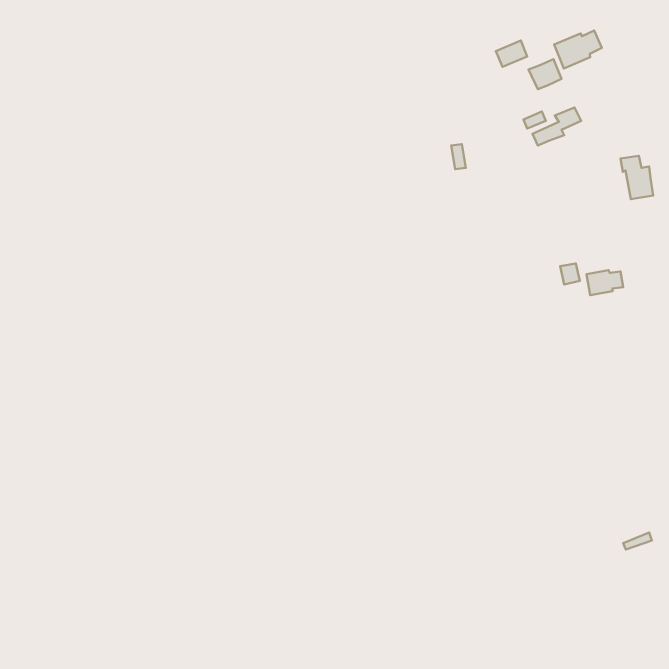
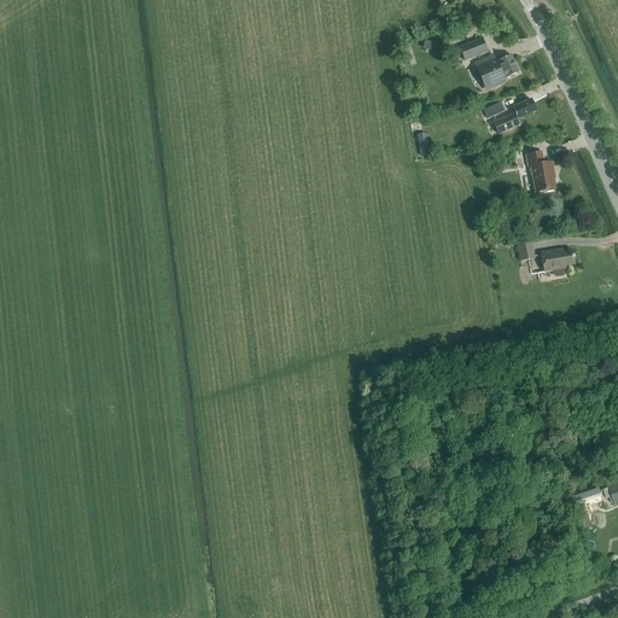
building: [554,30,602,68] -> none
building: [620,156,653,199] -> [524,152,554,192]

